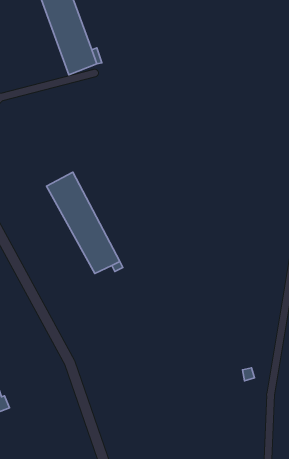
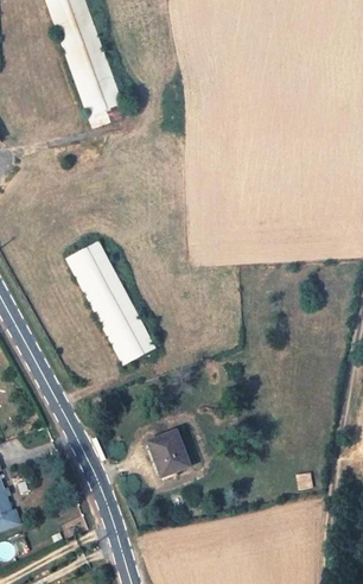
building: none -> [147,431,187,475]

